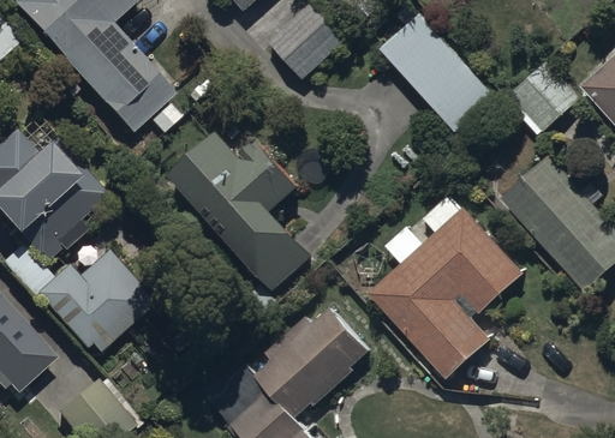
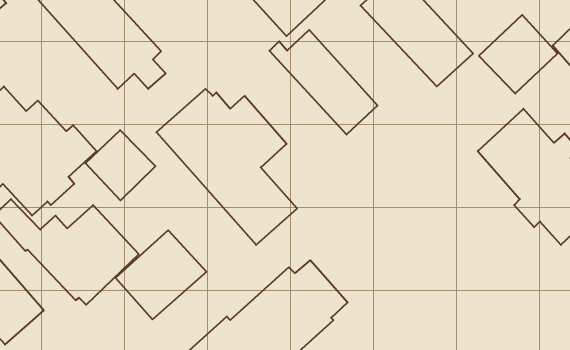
building: none -> [269,30,377,135]
building: none -> [85,130,155,200]
building: [366,197,521,379] -> none
building: none -> [116,230,206,319]

